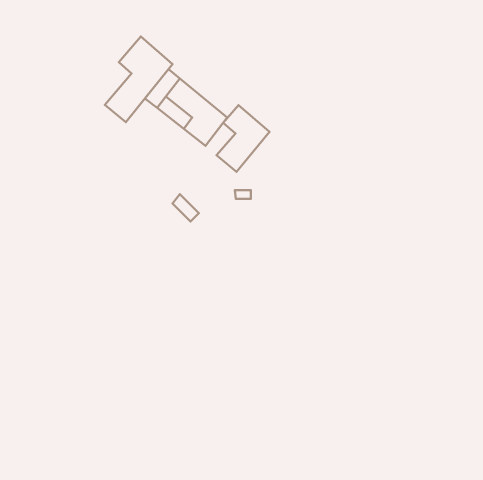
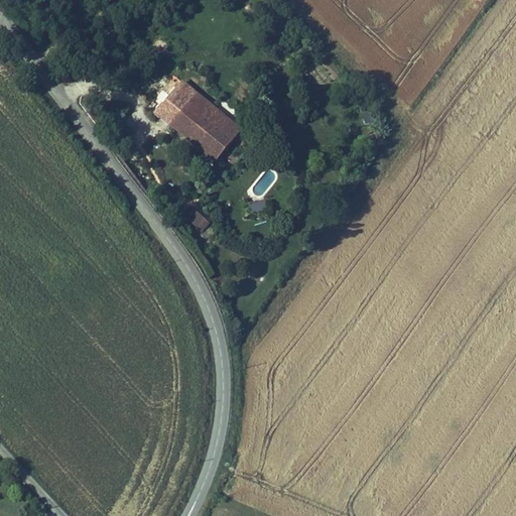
building: [105,36,173,122] -> none
building: [217,105,270,172] -> none

